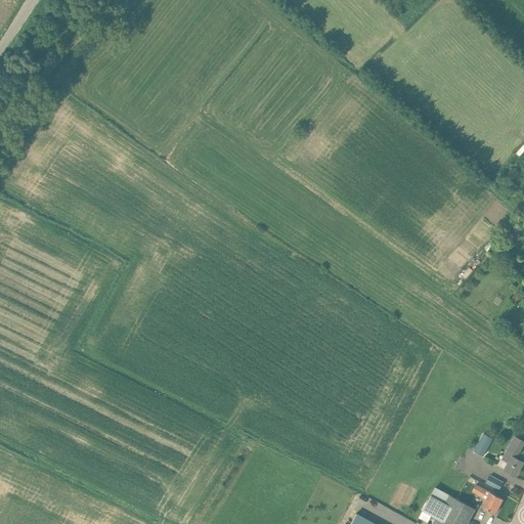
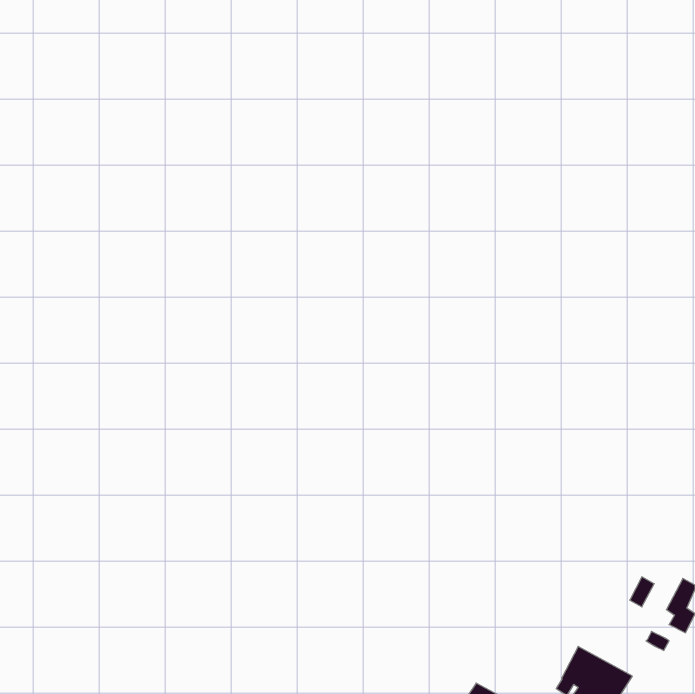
building: [472,483,503,514] -> none

